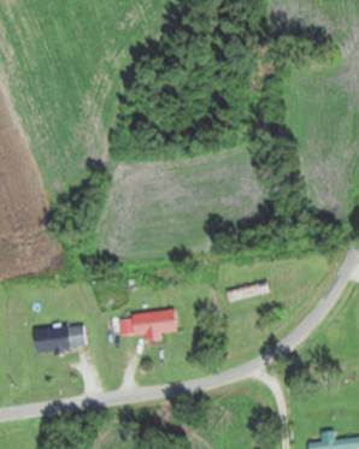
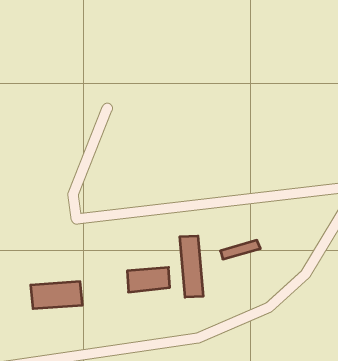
building: none -> [180,236,203,297]

